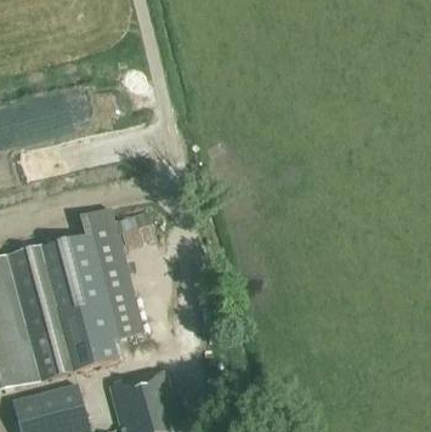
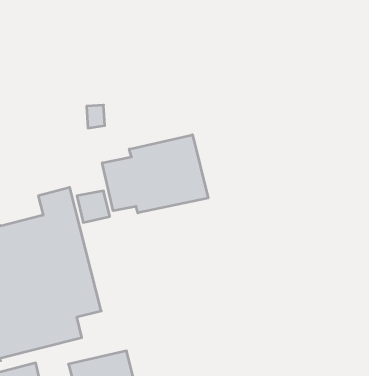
building: none -> [102,135,208,213]

